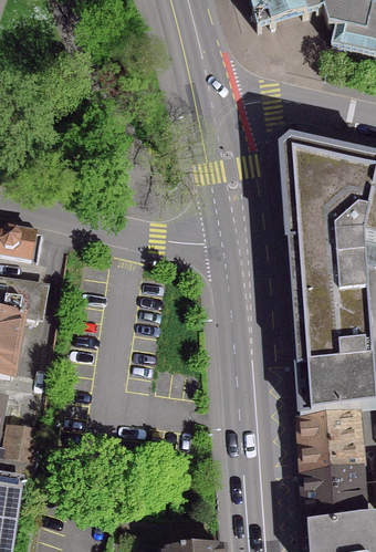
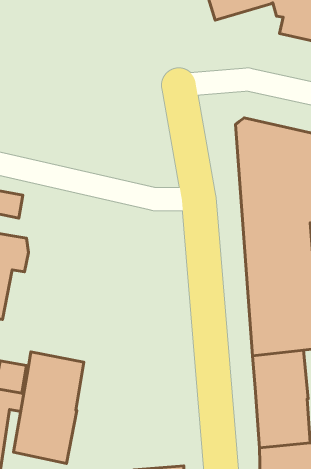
building: none -> [14,352,84,463]

